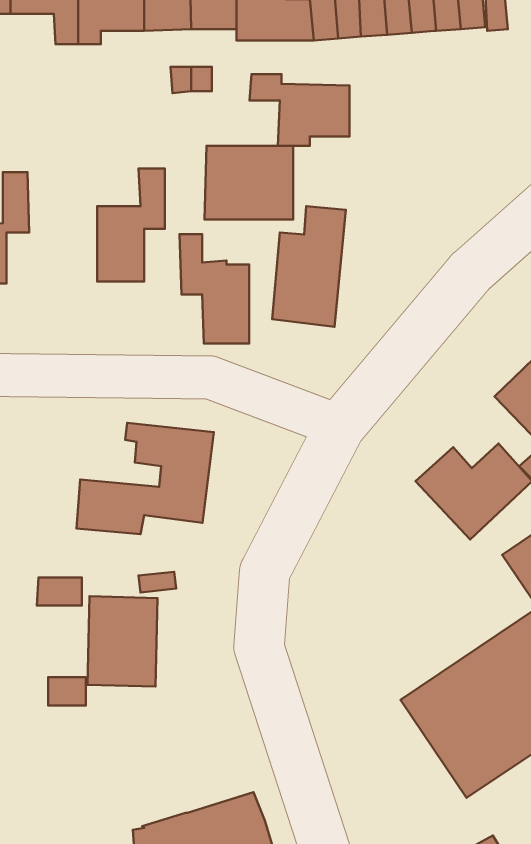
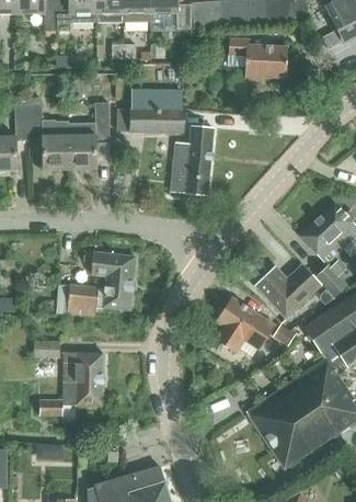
building: [250,74,349,146] -> [227,39,285,81]
building: [179,234,249,344] -> [27,105,68,169]
building: none -> [214,297,274,352]

